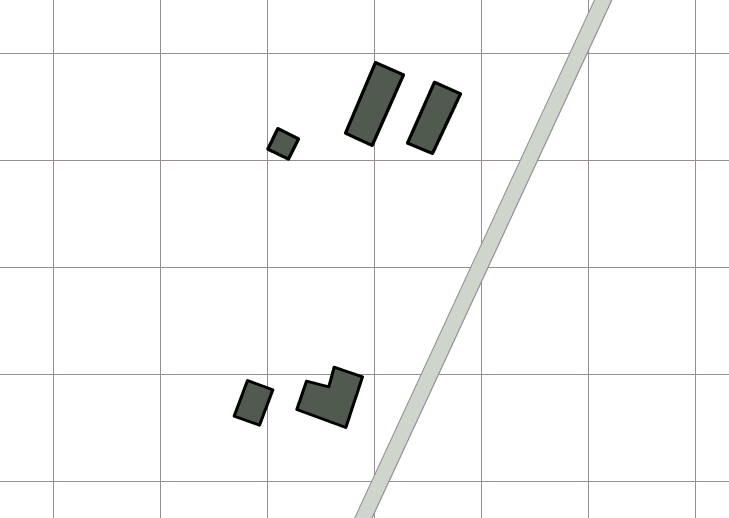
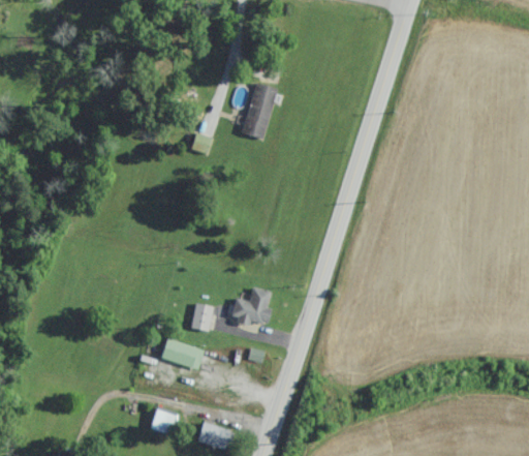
building: [408,82,461,154] -> none
building: none -> [160,338,206,370]

